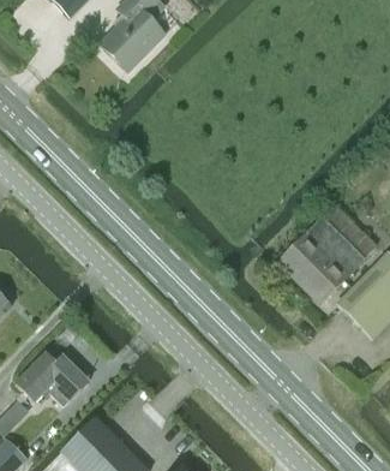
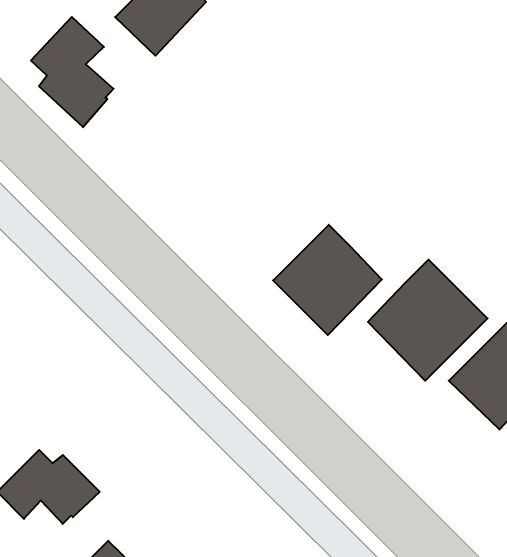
building: none -> [31,17,114,127]
building: none -> [273,225,382,335]

